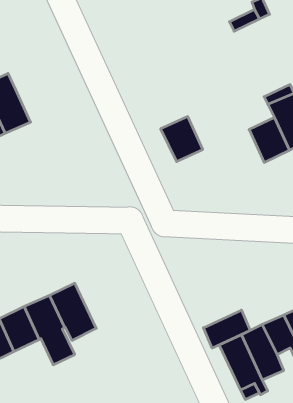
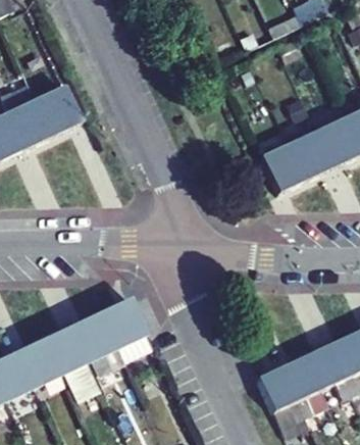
building: none -> [37,86,82,135]
building: [161,117,203,162] -> [261,143,307,192]
building: none -> [101,297,152,359]
building: [203,310,250,348] -> none

